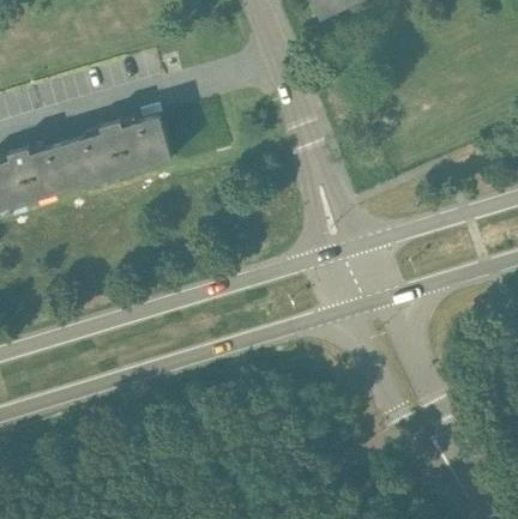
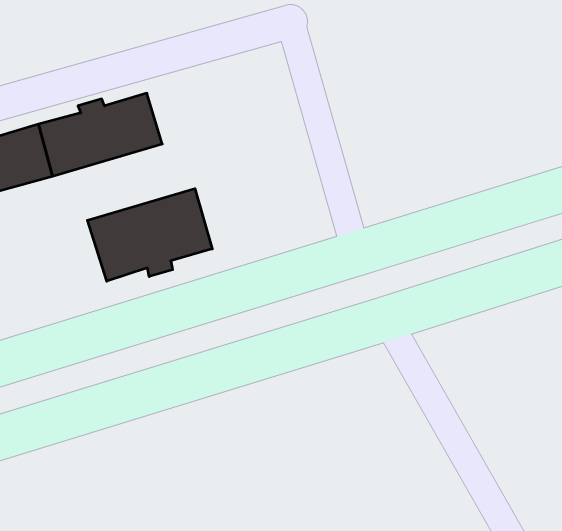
building: none -> [87,189,212,281]

